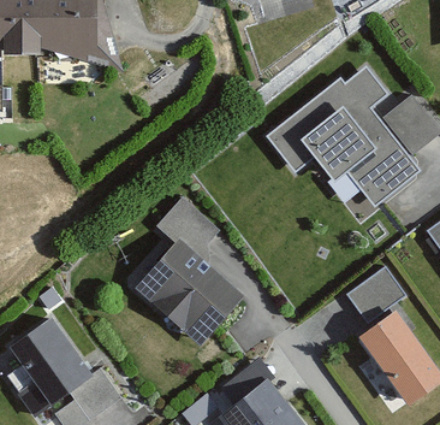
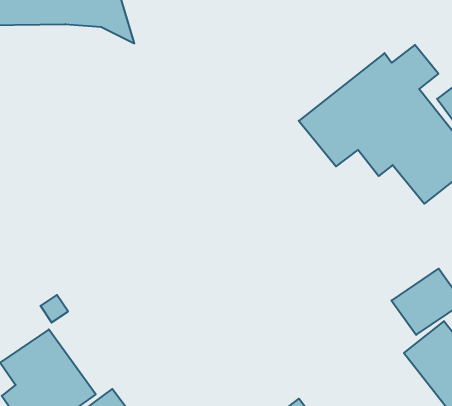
building: [135,196,243,343] -> none

